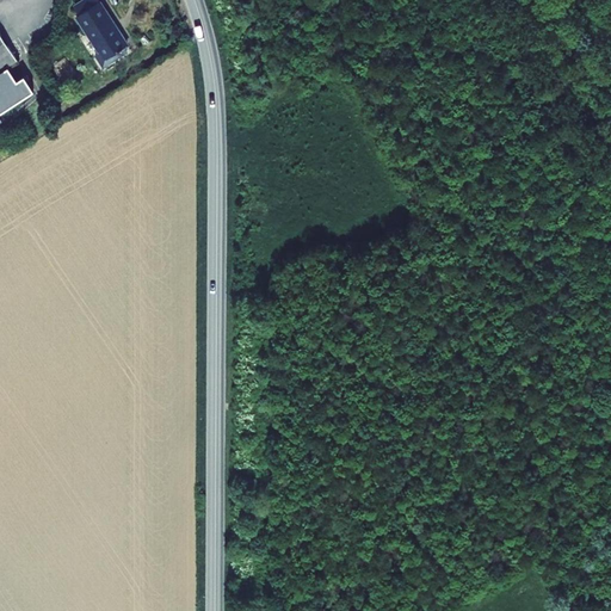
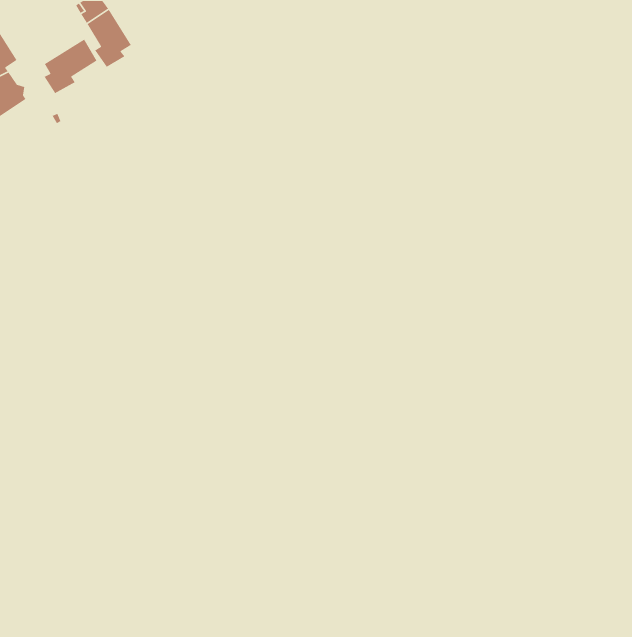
building: none -> [43,38,97,94]

